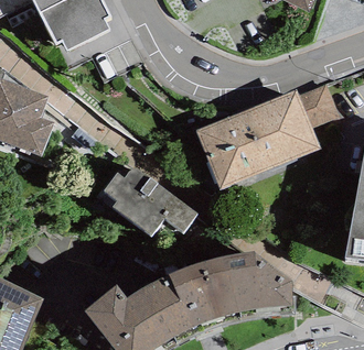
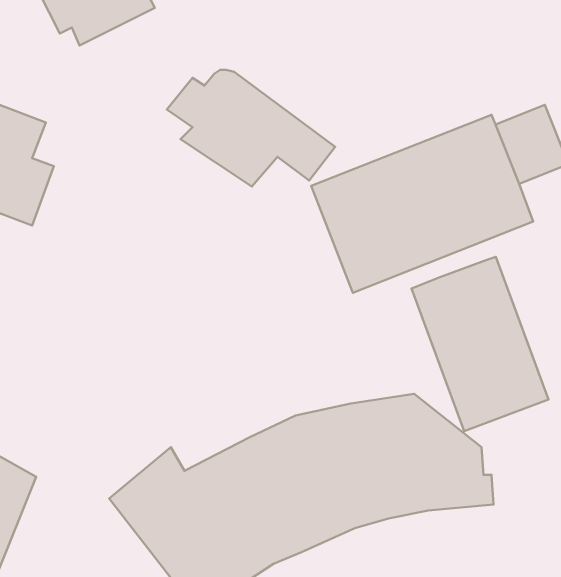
building: [103,166,196,231] -> [167,70,335,187]
building: none -> [411,257,549,431]

